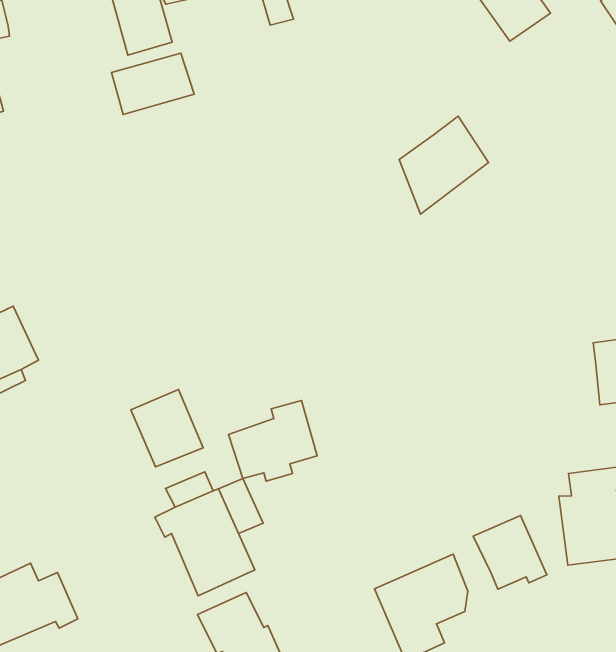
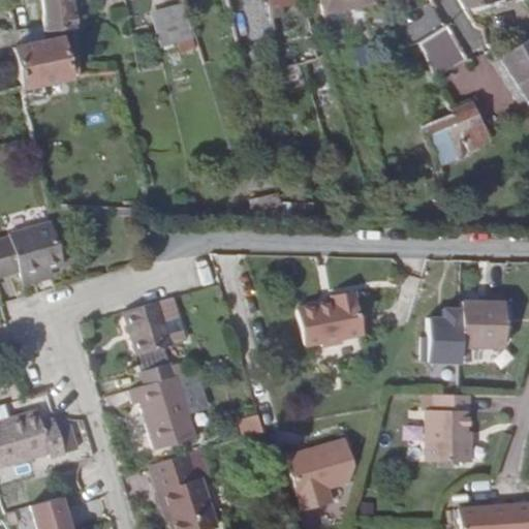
building: [112,53,194,114] -> none
building: [399,116,488,214] -> [426,102,490,169]
building: none -> [423,315,465,371]
building: [229,401,317,481] -> [295,294,357,349]
building: [473,515,547,589] -> none

